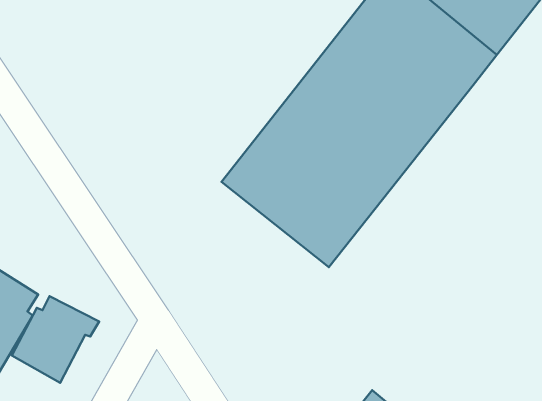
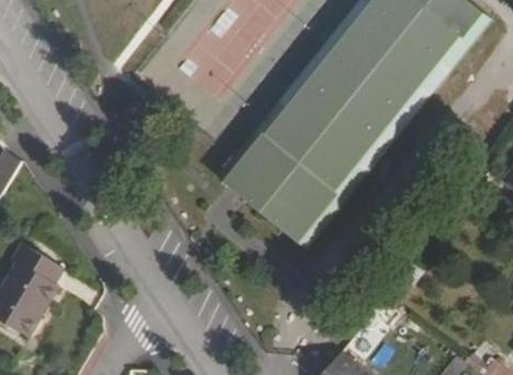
building: [12,296,99,383] -> none

